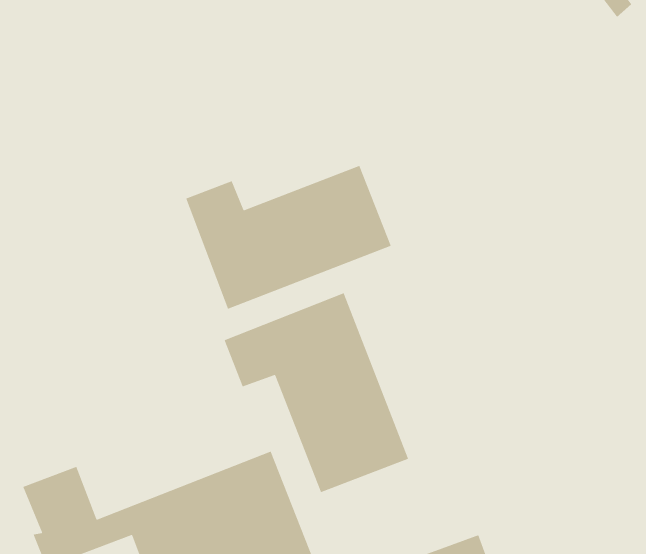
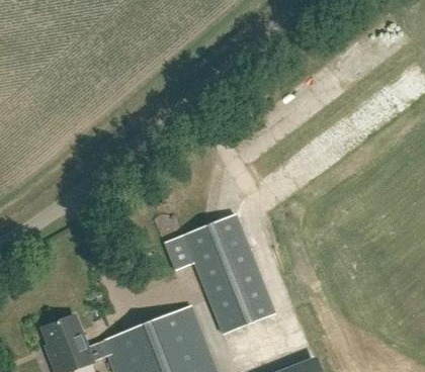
building: [185,165,392,310] -> none

